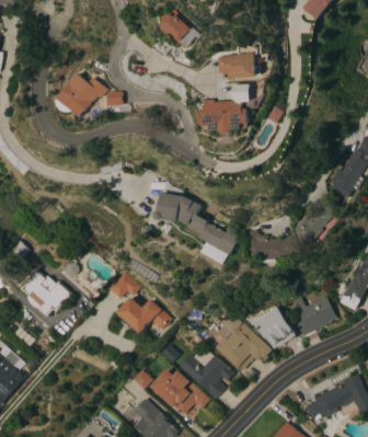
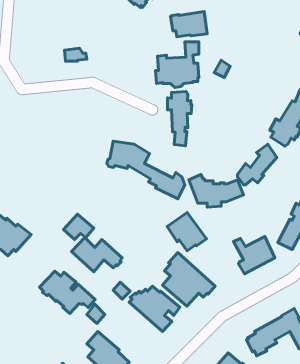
building: [60,74,108,117] -> none
building: none -> [168,92,192,146]
building: [253,307,296,348] -> [167,212,207,251]
building: [149,369,209,415] -> [40,271,95,314]

